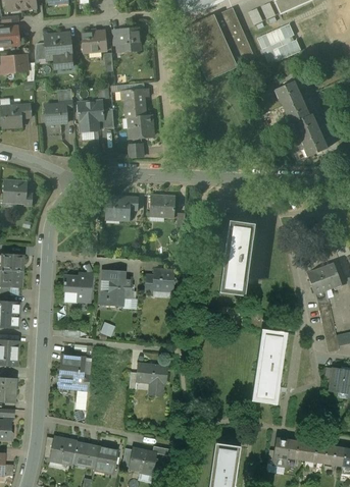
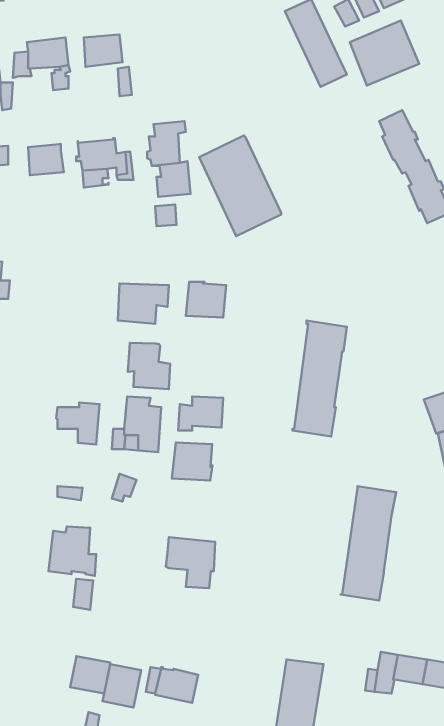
building: [184,14,238,80] -> [199,135,281,236]
building: [118,28,140,51] -> none
building: none -> [128,343,170,389]
building: none -> [172,442,212,480]
building: [44,435,77,462] -> none

